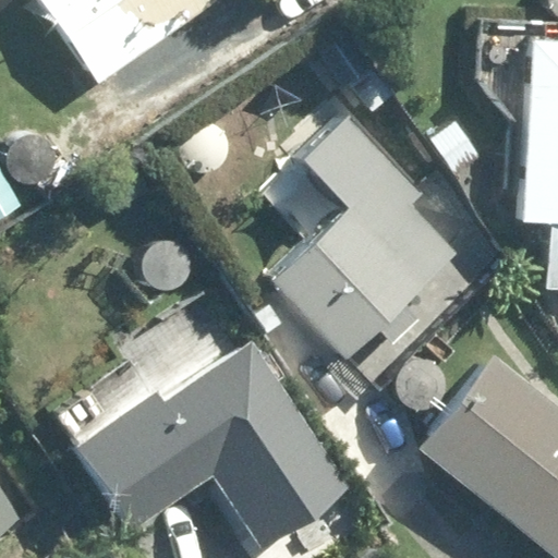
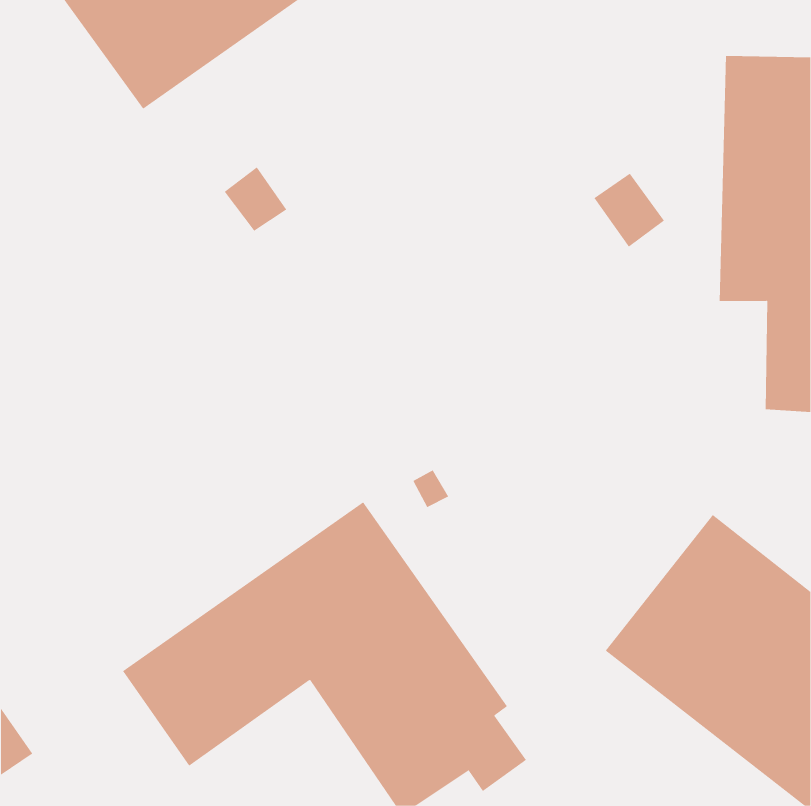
building: [267,116,454,357] -> none

